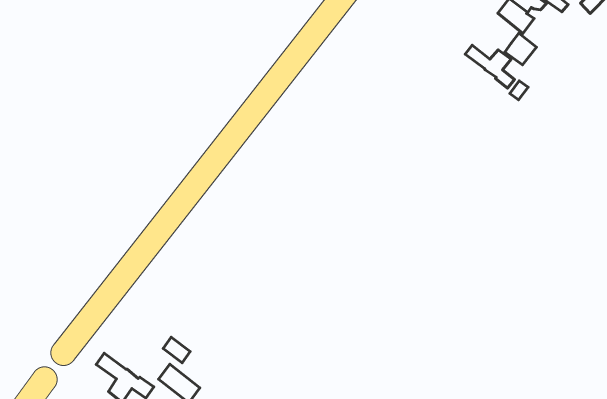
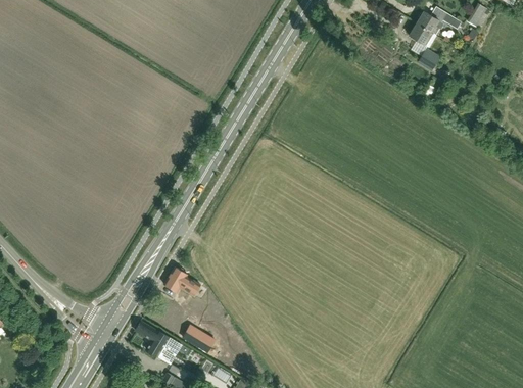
building: [465,45,514,88] -> none
building: none -> [162,266,199,295]

